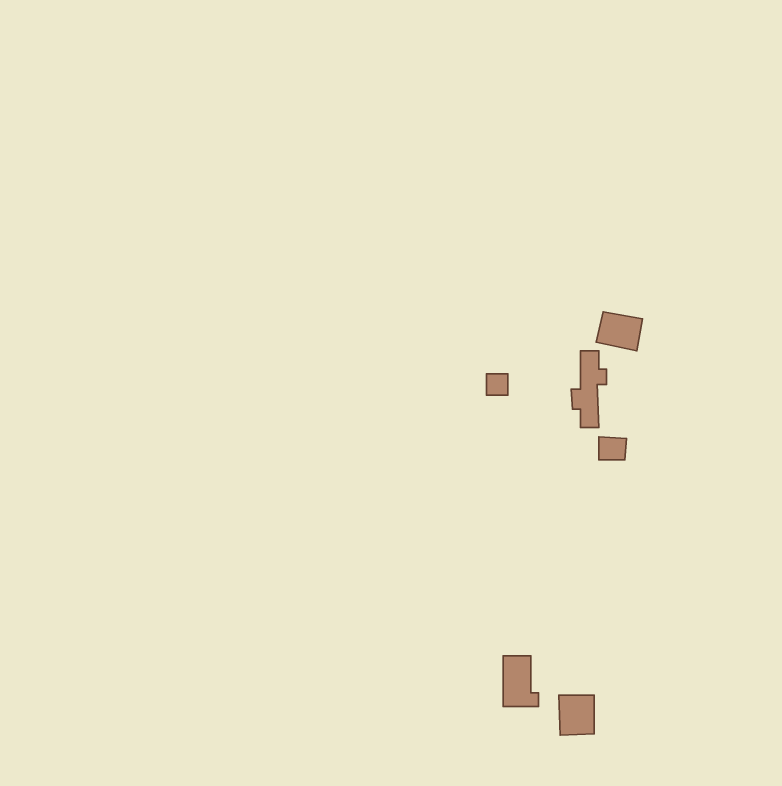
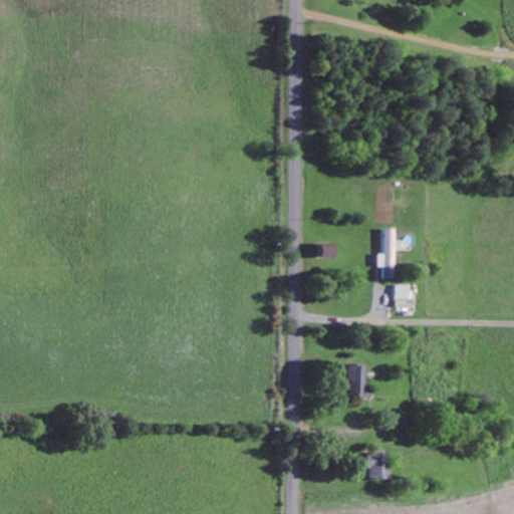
building: [596,312,643,351] -> none
building: [503,656,538,707] -> [346,365,369,399]

